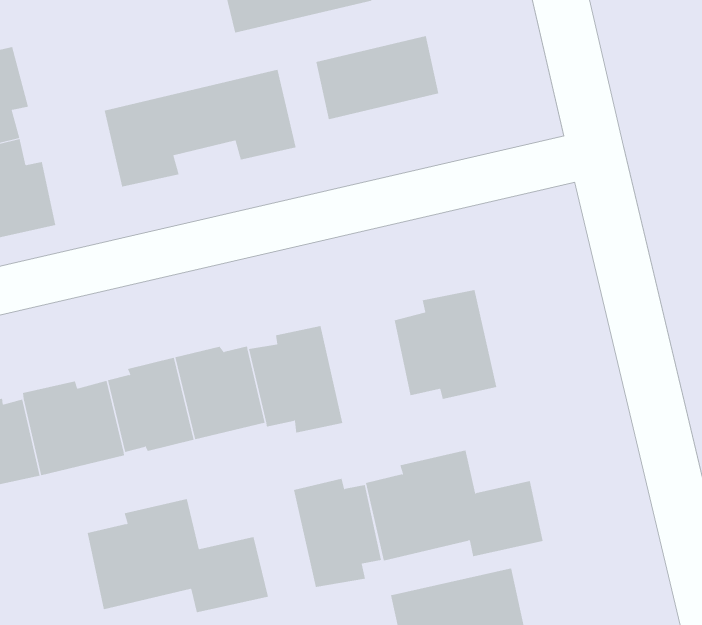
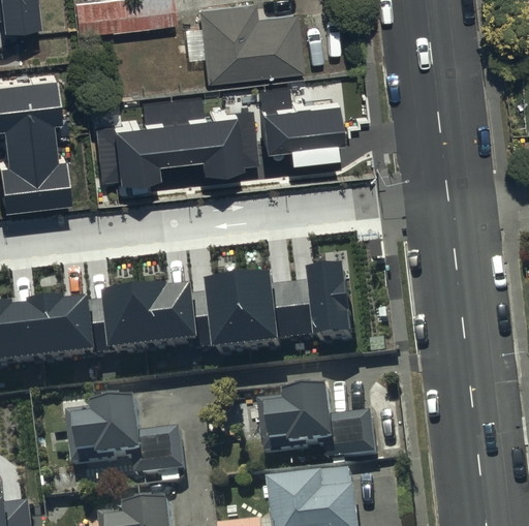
building: [293,478,382,588] -> [242,282,297,354]

